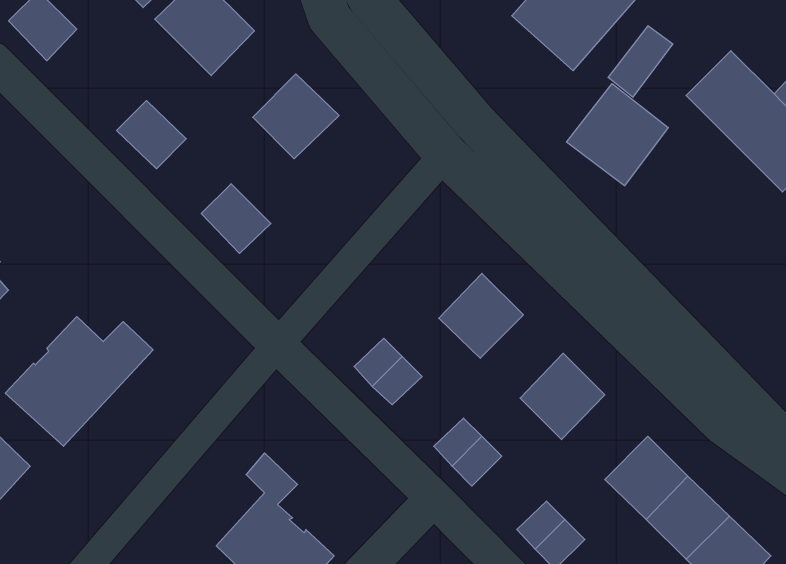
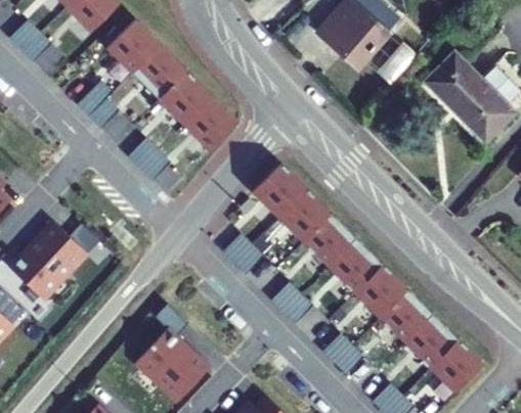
building: none -> [134,43,186,96]
building: [567,84,668,186] -> none
building: none -> [185,95,238,148]
building: none -> [249,169,301,220]
building: none -> [300,218,351,269]
building: none -> [350,267,403,319]

